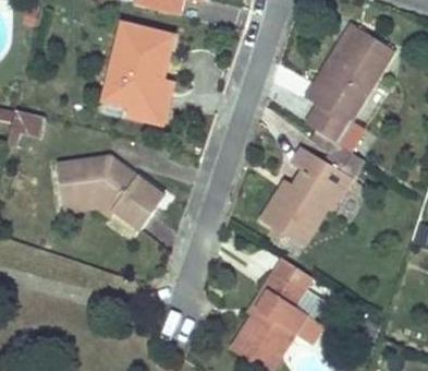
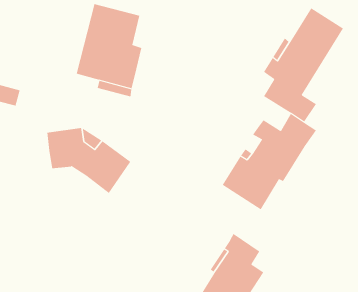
building: [57,164,113,218] -> none

